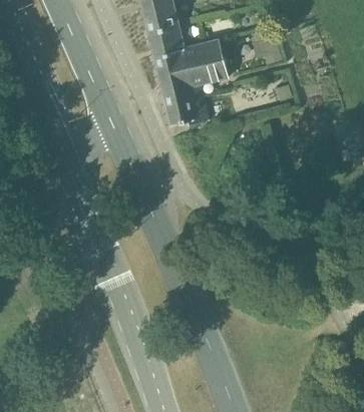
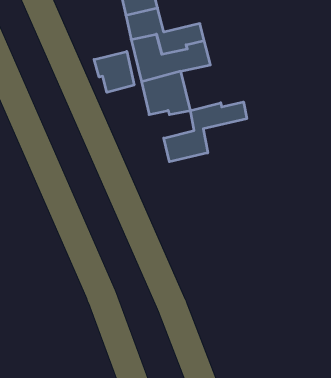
building: none -> [94,51,134,92]
building: none -> [164,102,247,162]

